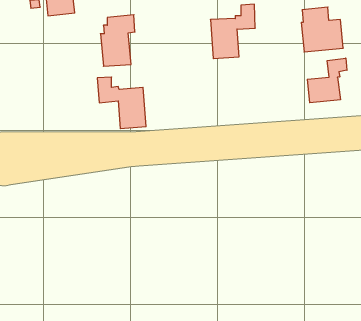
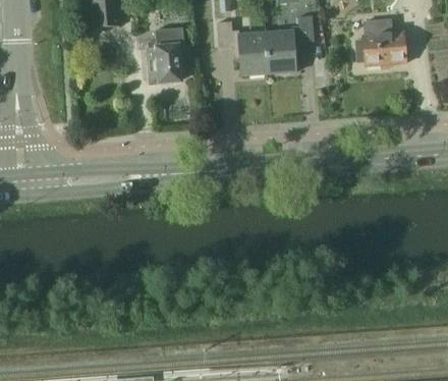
building: [307,58,347,103] -> none
building: [97,77,146,129] -> [217,20,269,75]

